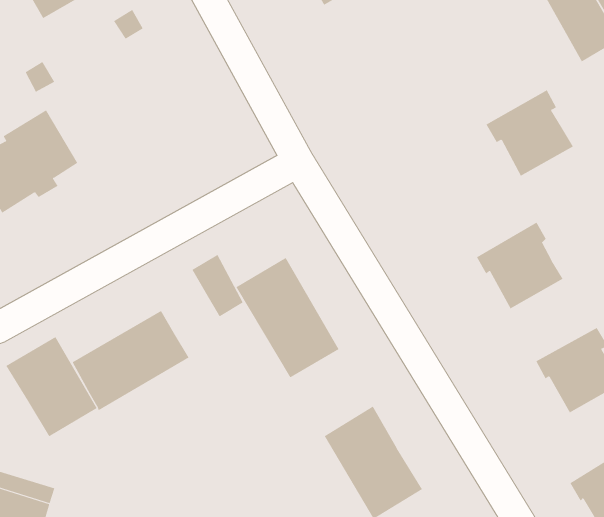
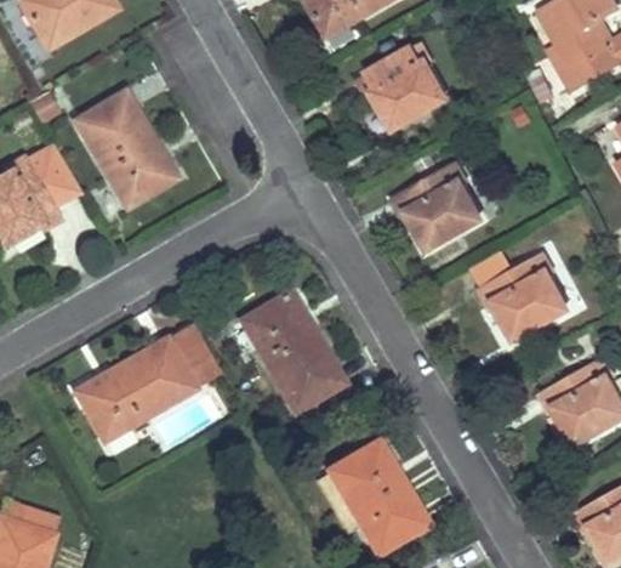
building: none -> [358,42,445,129]
building: none -> [75,91,173,206]
building: [485,90,574,177] -> [393,163,482,250]
building: [191,254,243,317] -> [166,325,218,388]
building: [6,336,97,437] -> none

